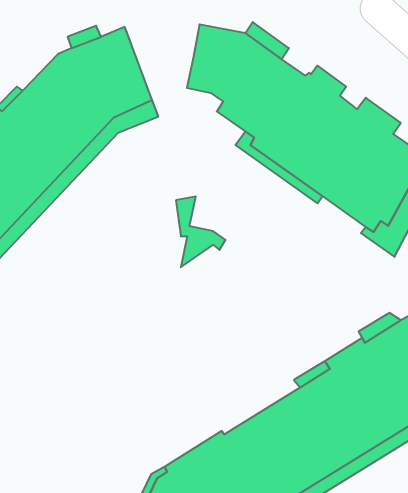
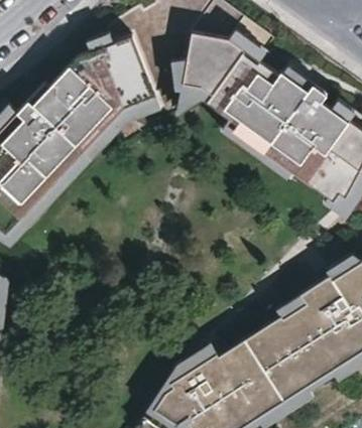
building: [176,196,226,267] -> [168,55,209,113]

